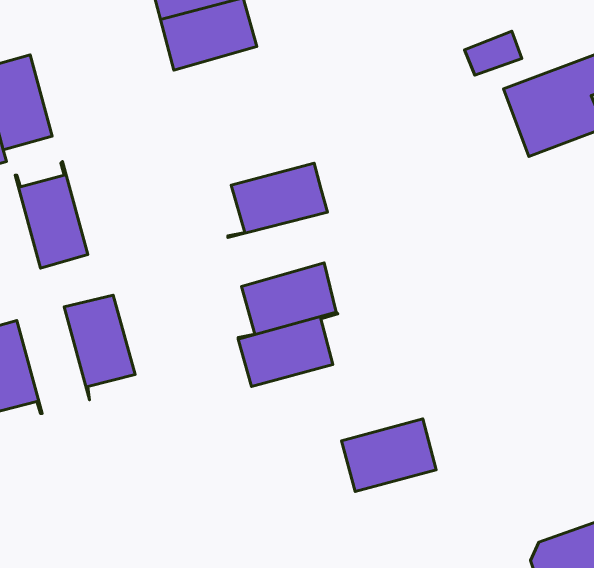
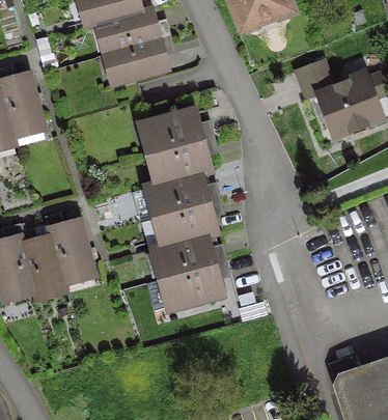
building: none -> [142,111,201,155]
building: [15,162,88,268] -> [19,229,63,295]
building: none -> [148,171,210,217]
building: [342,419,436,492] -> [163,264,221,309]

